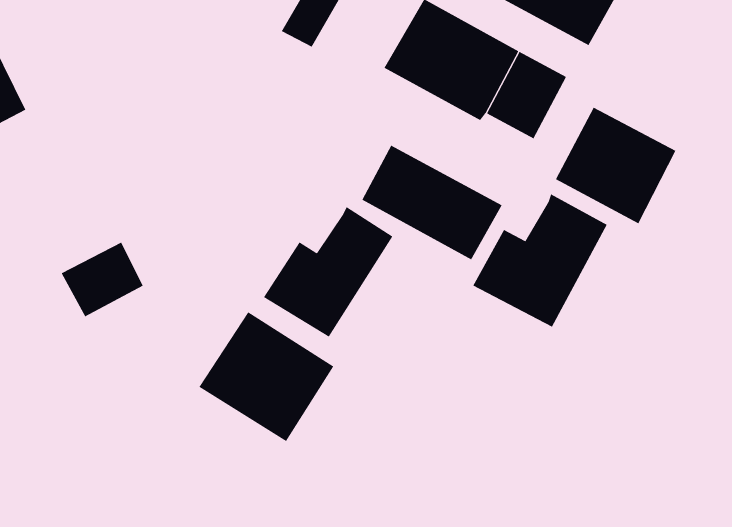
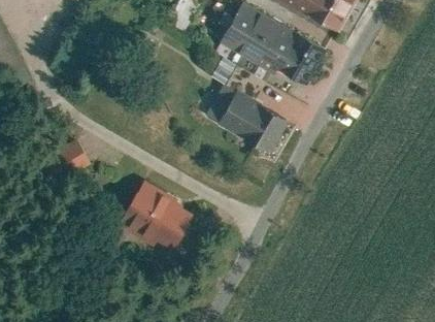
building: [555,107,676,224] -> none
building: [473,193,608,327] -> none
building: [263,206,393,338] -> none

